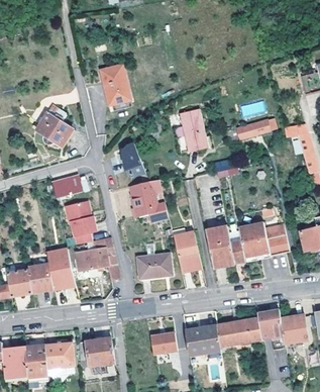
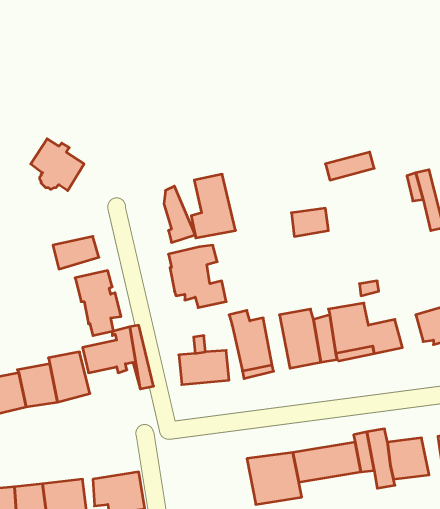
building: [100,65,129,104] -> none
building: [178,109,208,153] -> [191,174,236,238]
building: [150,330,177,354] -> none

